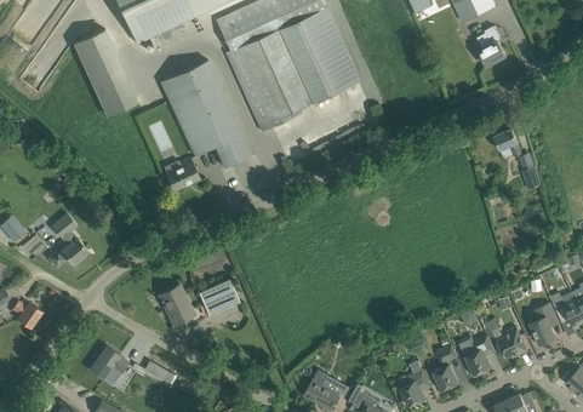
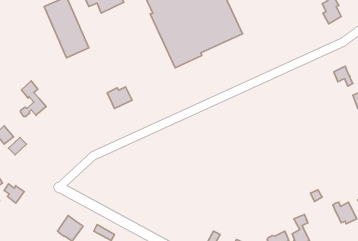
building: [160,61,250,167] -> none
building: [50,213,87,265] -> [21,81,46,116]
building: [198,279,239,315] -> none
building: [159,285,194,325] -> none
building: [464,336,493,376] -> none

